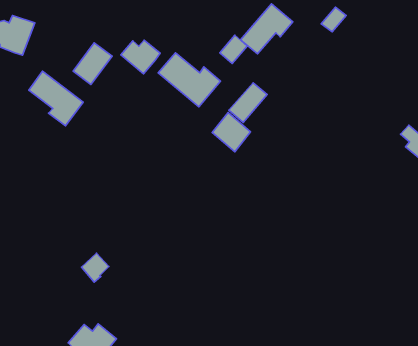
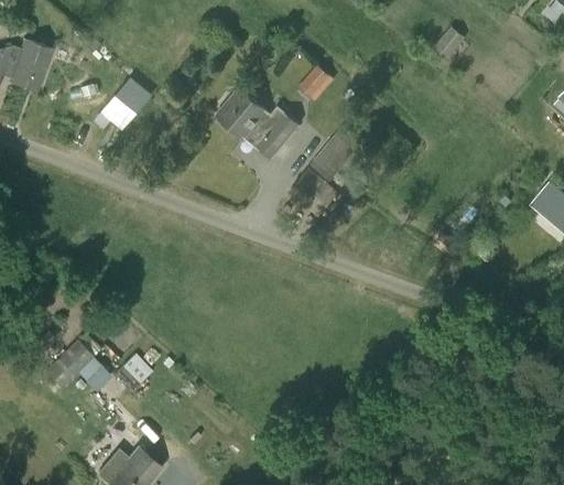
building: [241,4,293,54] -> none
building: [121,40,160,74] -> none
building: [29,71,83,126] -> none
building: none -> [45,340,109,390]

